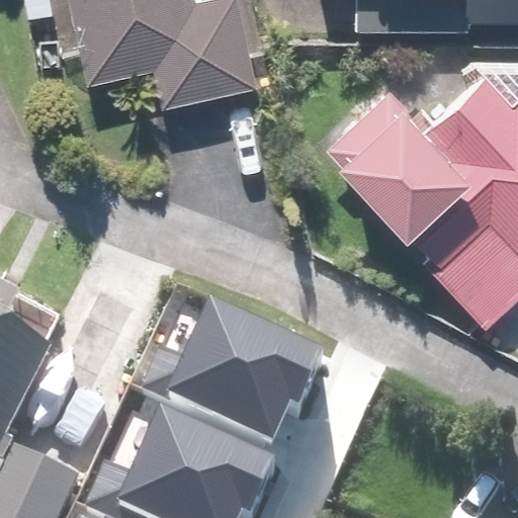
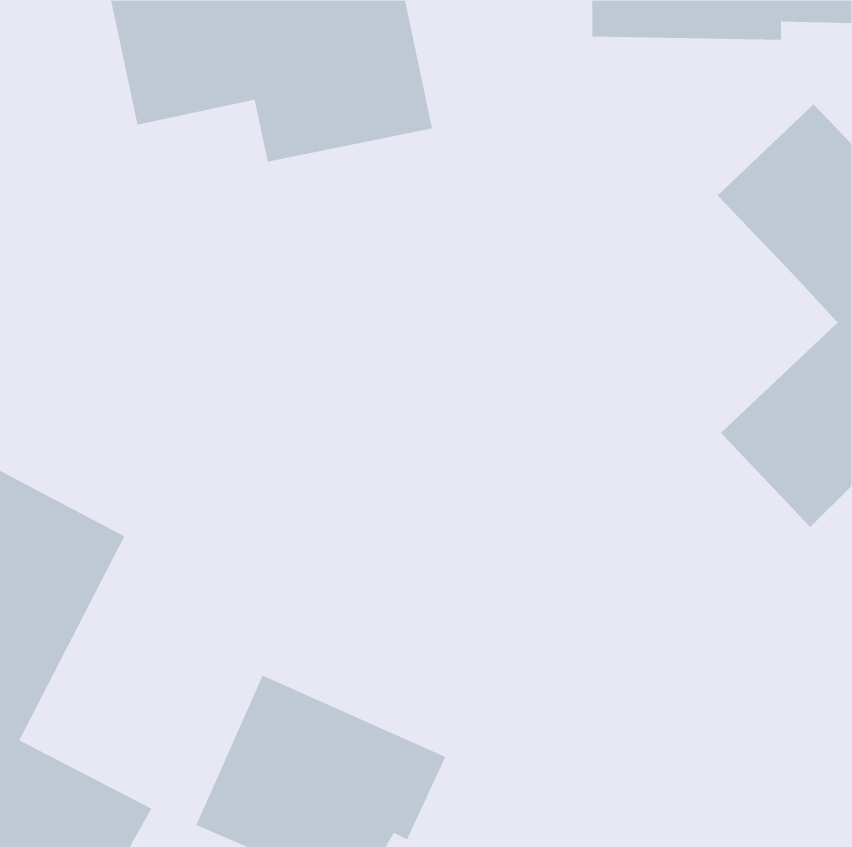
building: [325,77,480,234] -> none
building: [140,297,325,443] -> none

